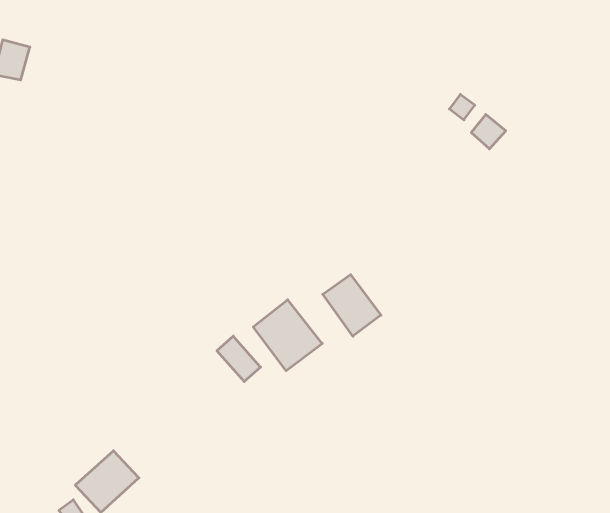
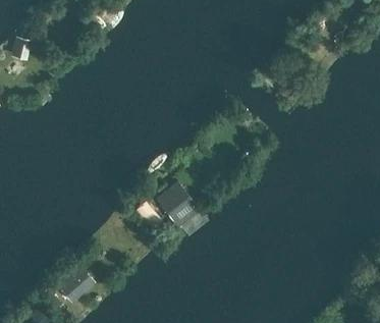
building: [323,275,381,336] -> none

